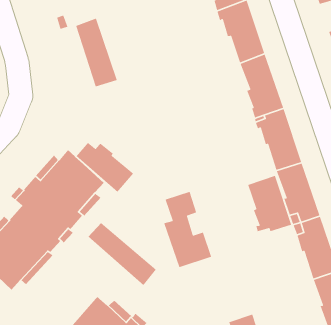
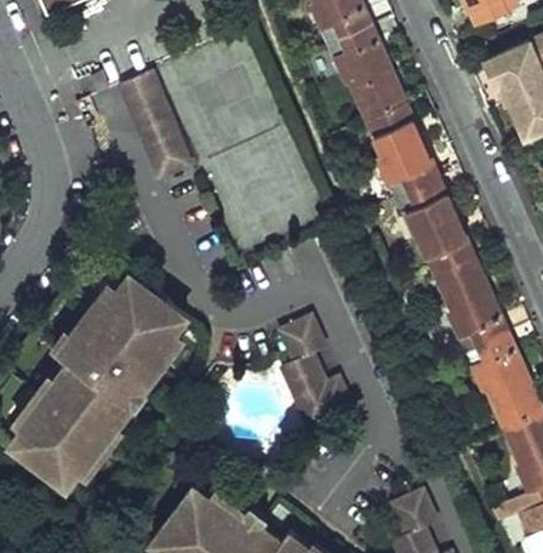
building: [75,142,134,193] -> none
building: [247,175,292,232] -> none
building: [87,222,157,286] -> none

